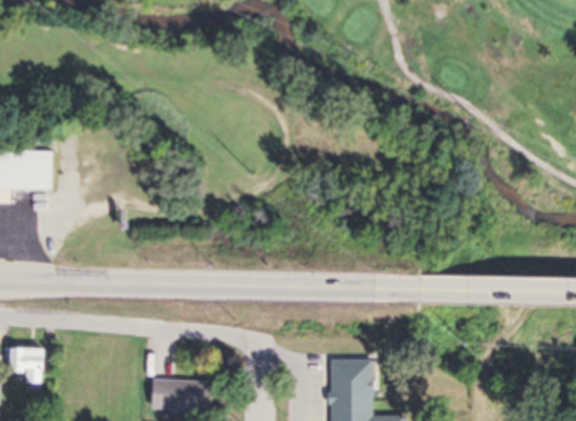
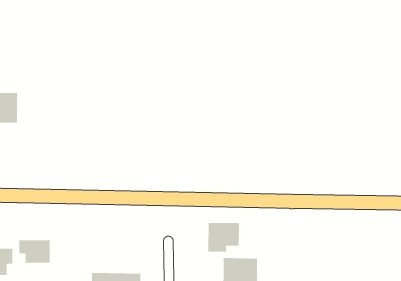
building: none -> [207,222,240,252]
building: none -> [18,240,51,264]

